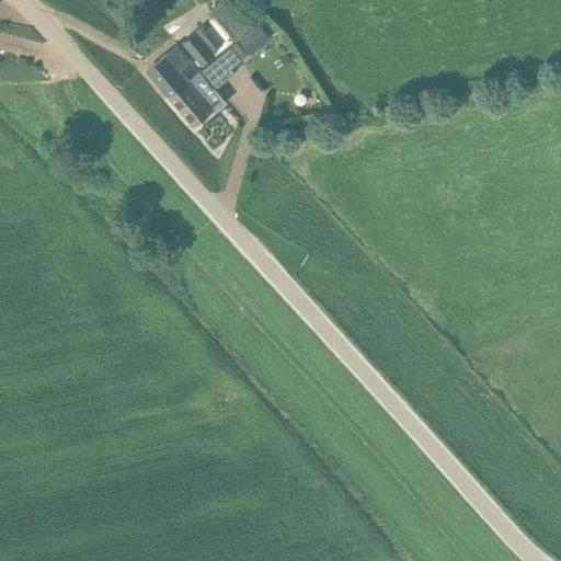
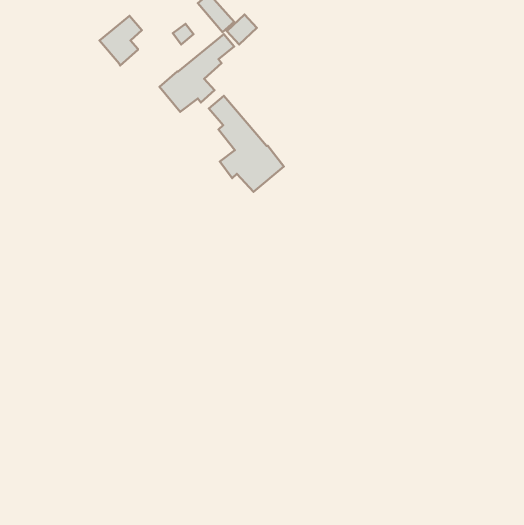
building: [152,39,197,92] -> [99,16,142,65]
building: none -> [209,96,284,192]

